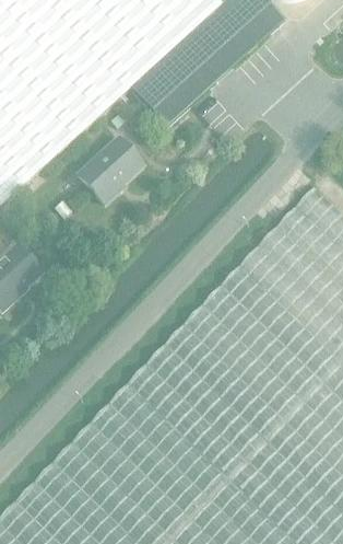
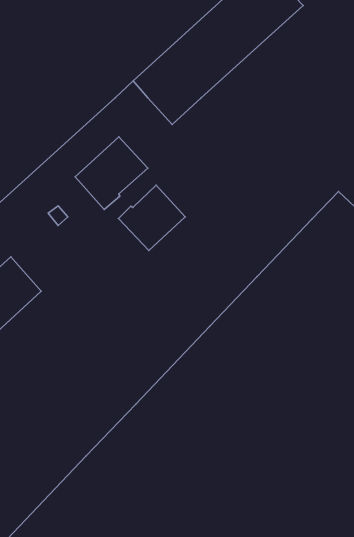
building: none -> [119,185,185,251]

